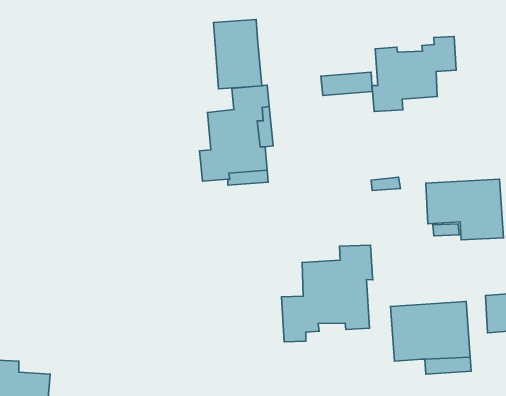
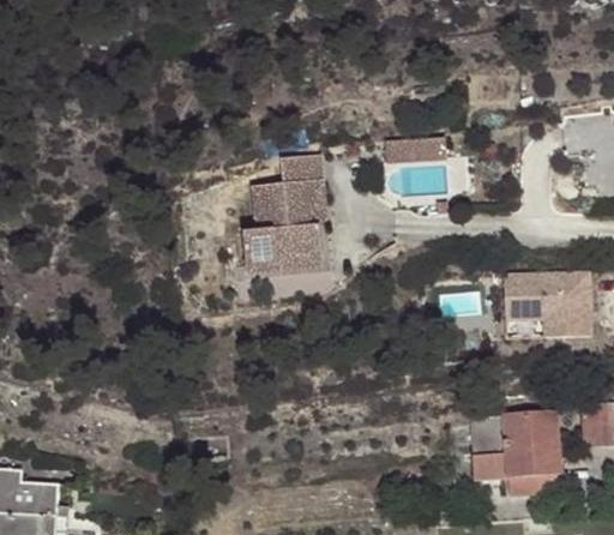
building: [213,20,262,89] -> none
building: [372,36,456,111] -> none
building: [281,245,373,342] -> none

